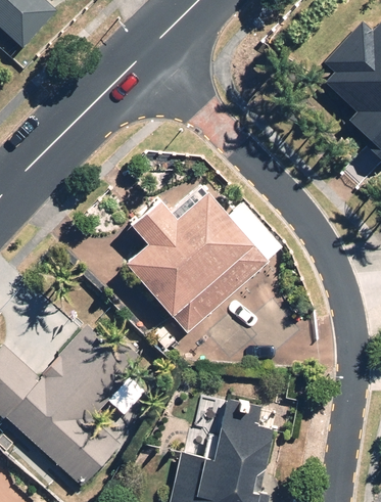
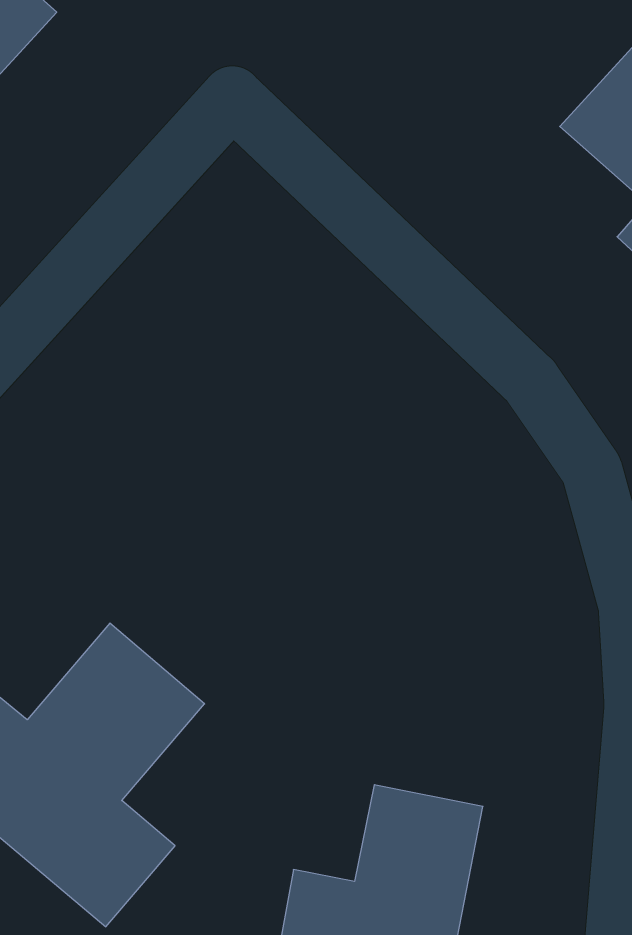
building: [122,194,253,323] -> none

